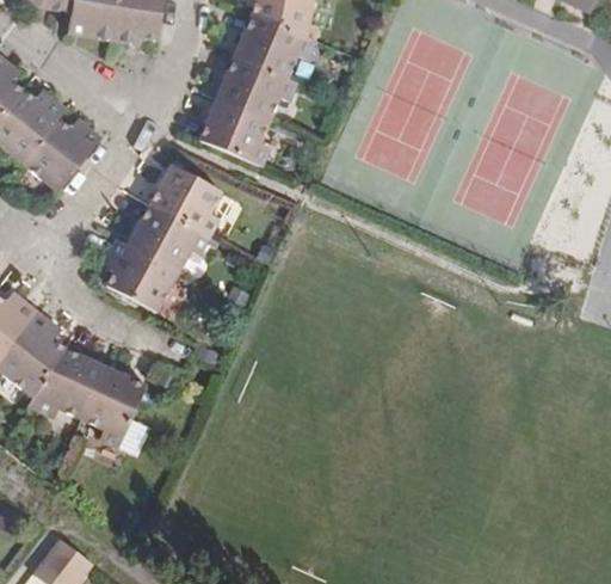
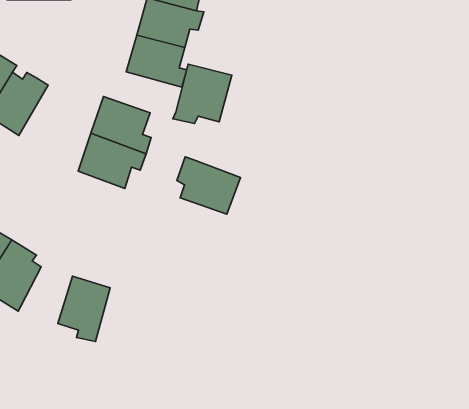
building: none -> [173,64,232,124]
building: [104,239,178,312] -> [177,157,240,214]
building: [32,349,104,417] -> none

